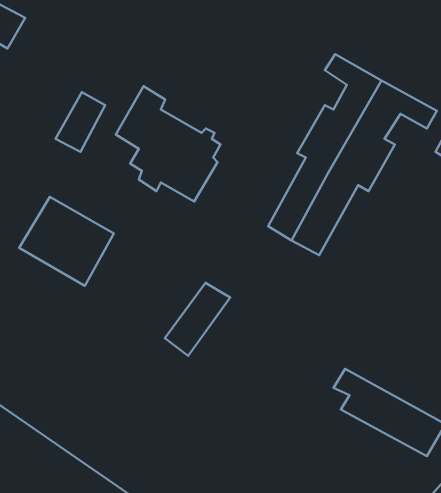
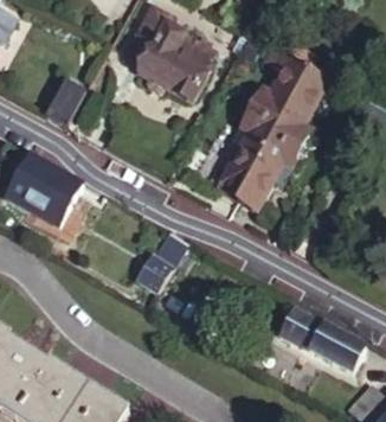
building: [116,86,220,201] -> [130,8,215,102]

